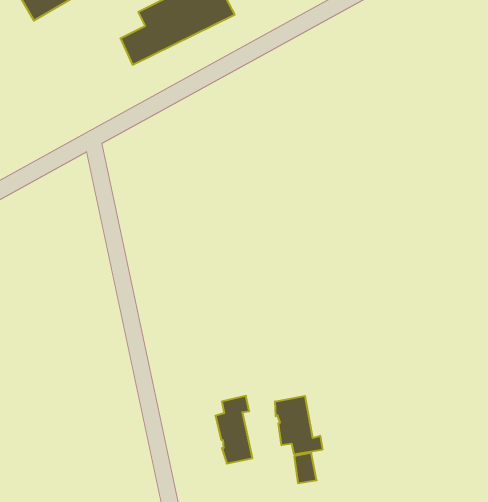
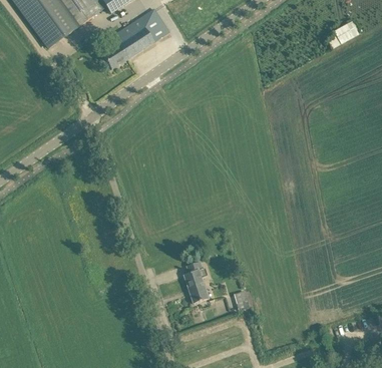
building: [275,396,322,454] -> none

